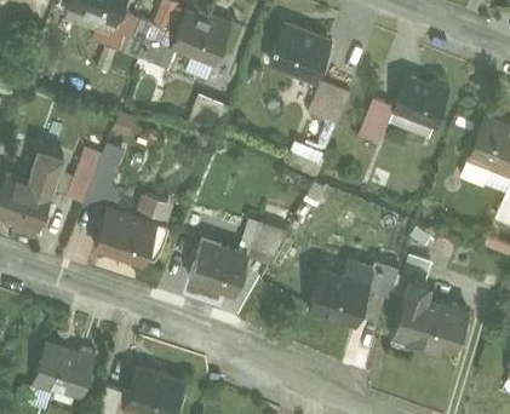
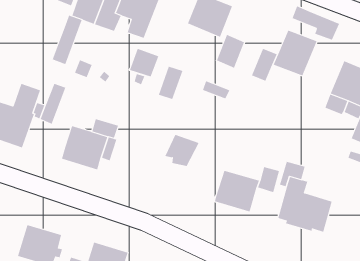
building: none -> [292,5,340,41]
building: none -> [158,66,183,100]
building: [82,142,125,211] -> [52,15,82,65]
building: [185,237,248,295] -> none

